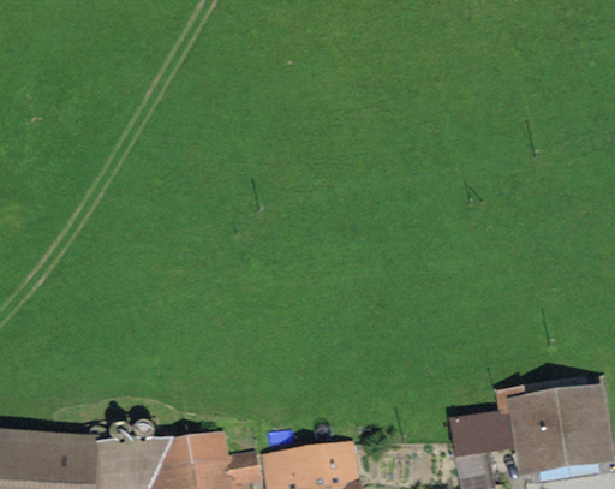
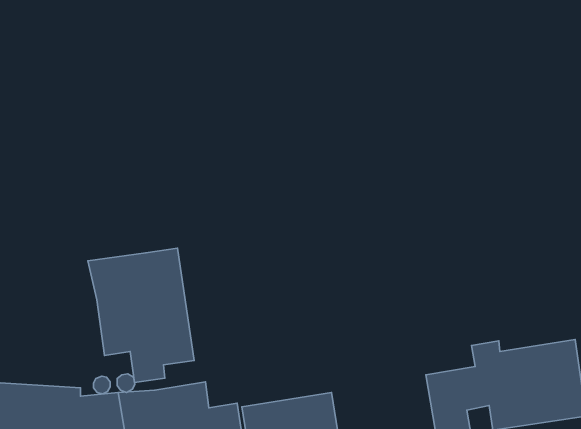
building: none -> [88,248,194,382]

